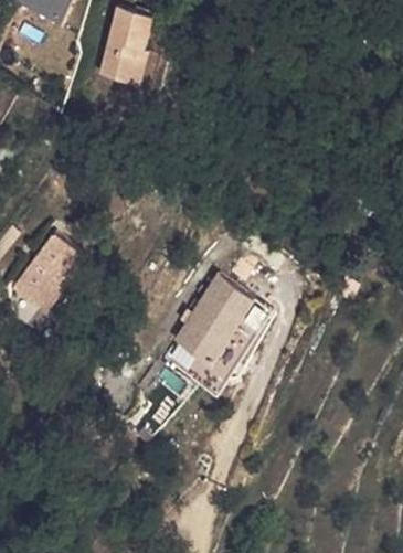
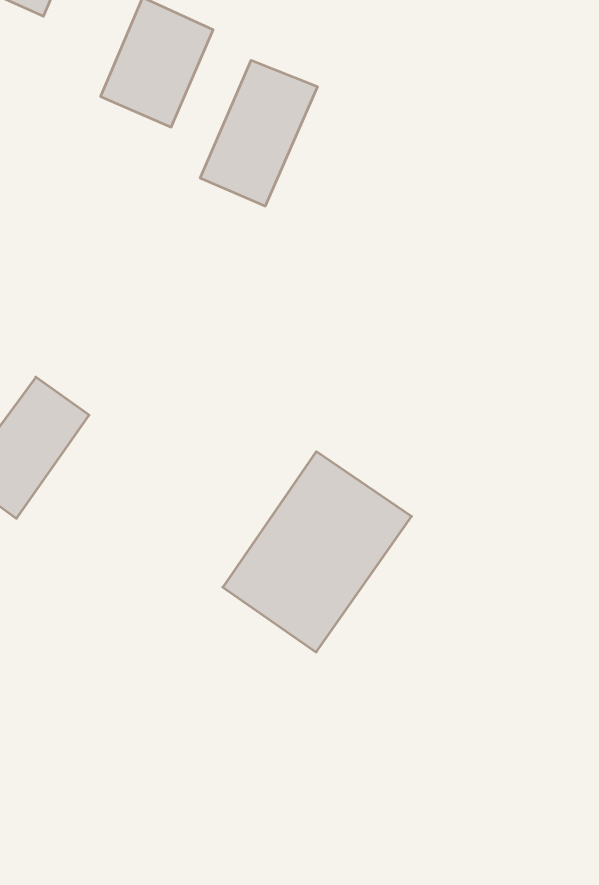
building: none -> [200,60,317,206]

